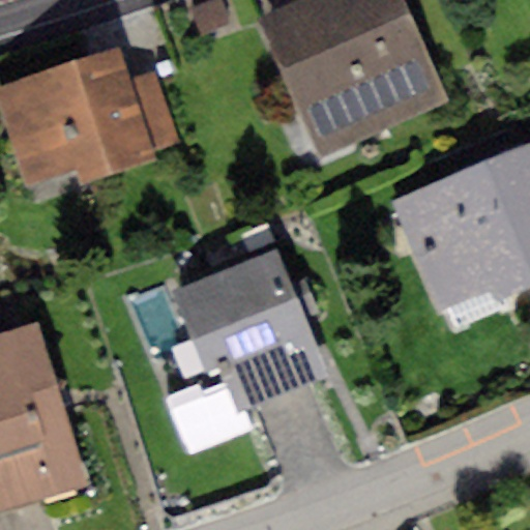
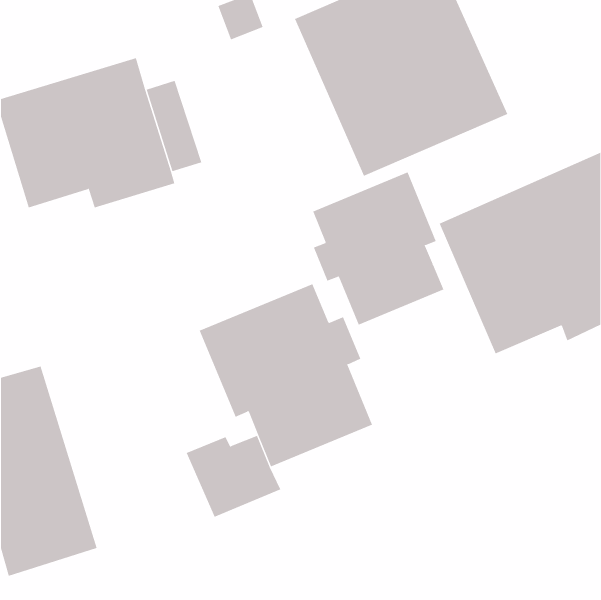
building: none -> [312,171,444,325]

